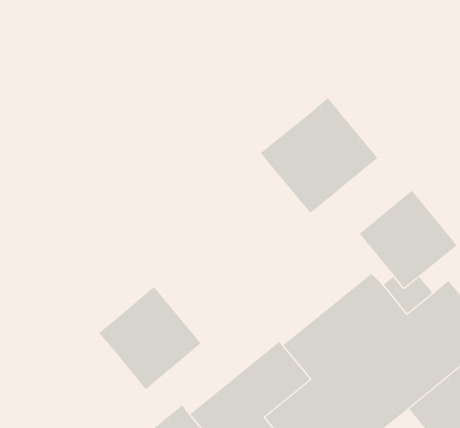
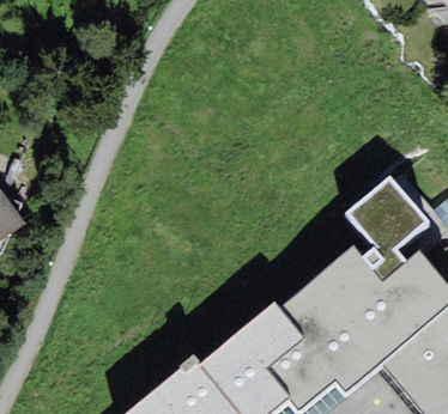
building: [260,97,378,214] -> none
building: [98,286,201,390] -> none

